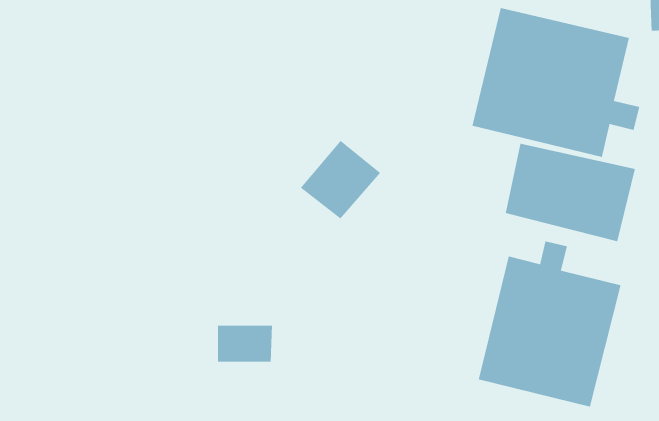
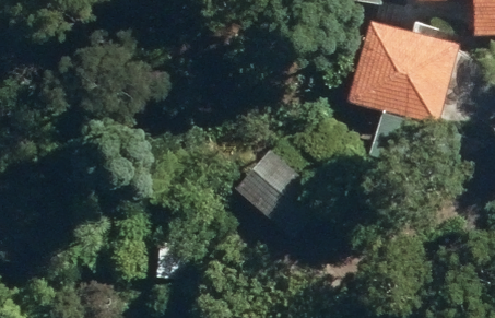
building: [478,241,622,407] -> none

